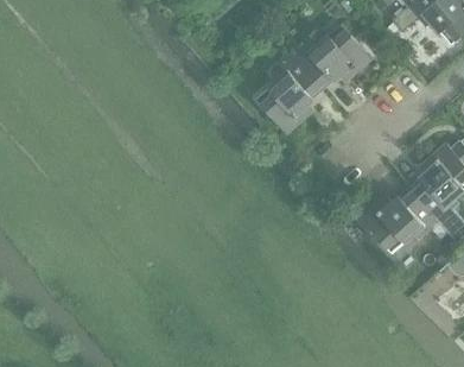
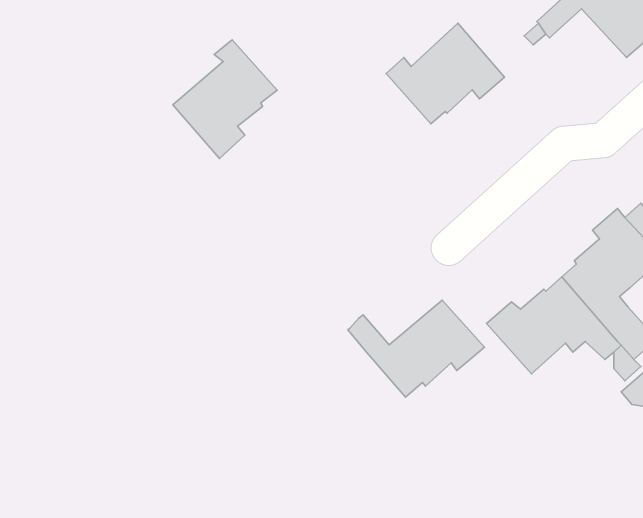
building: [254,55,323,133] -> [173,40,277,159]
building: none -> [348,300,484,397]

